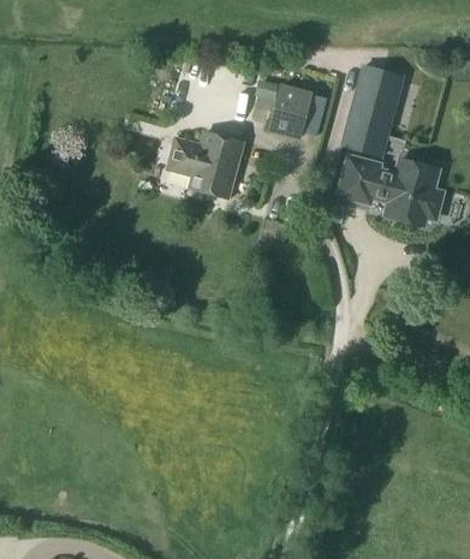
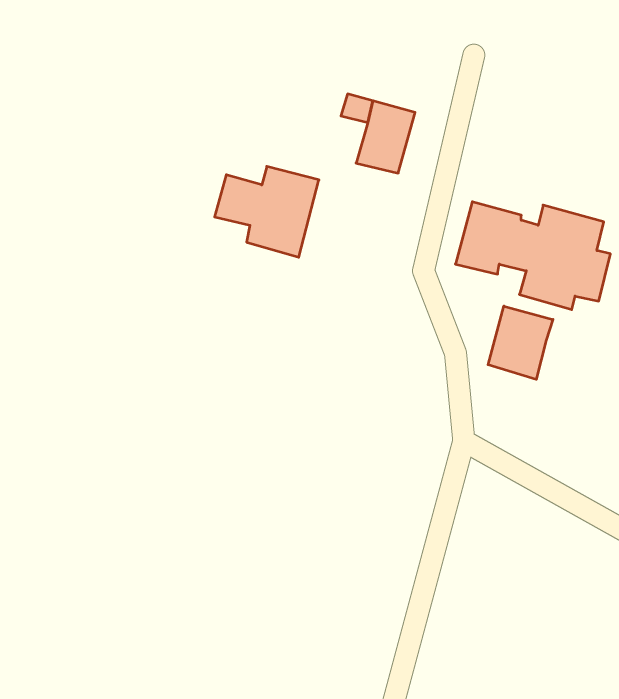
building: [343,65,403,154] -> none
building: none -> [488,306,553,379]

